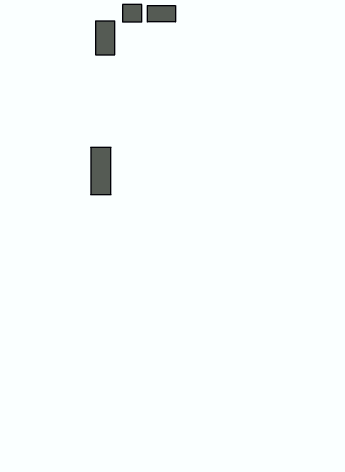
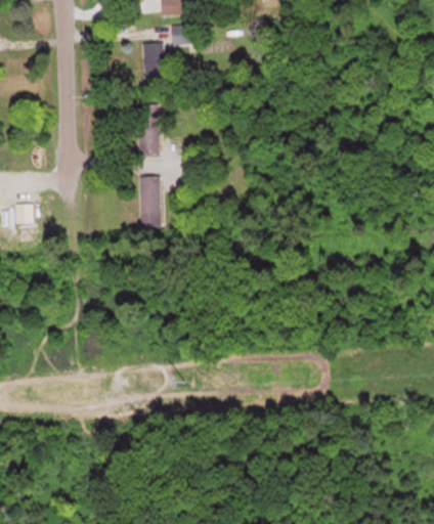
building: [147,6,175,22] -> none
building: none -> [139,104,159,155]

